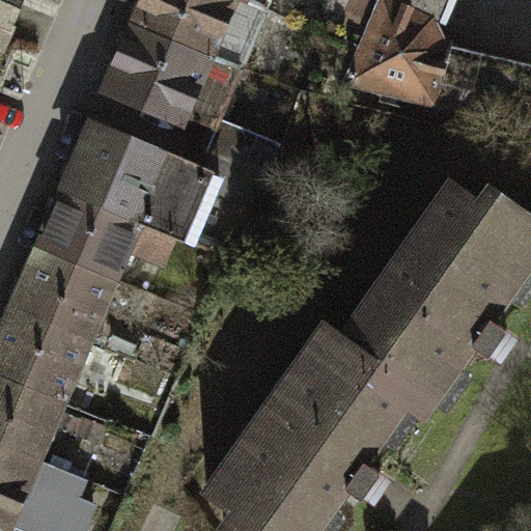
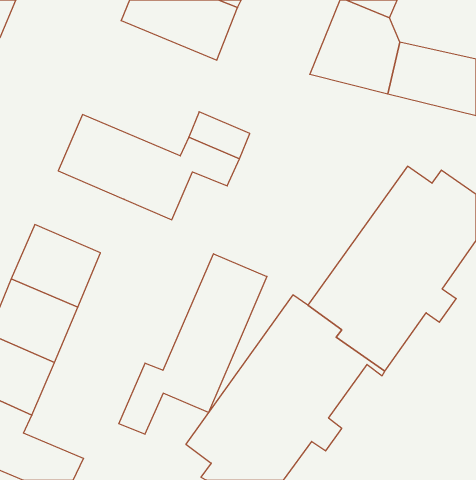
building: [107,23,240,130] -> none
building: [38,189,137,279] -> none
building: none -> [119,254,267,434]

